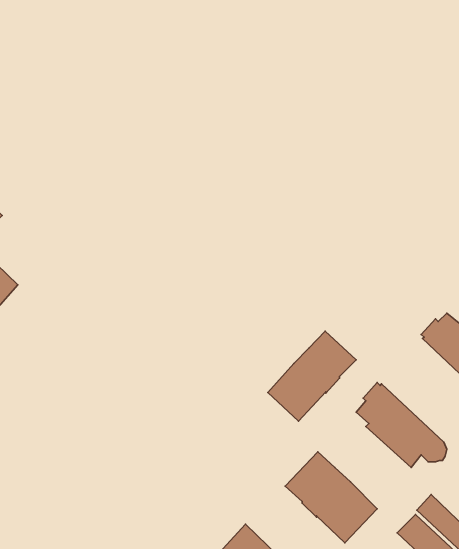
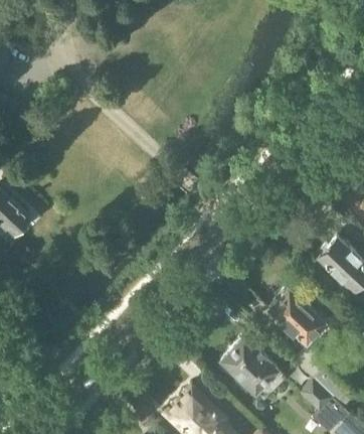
building: [268,331,356,421] -> none

